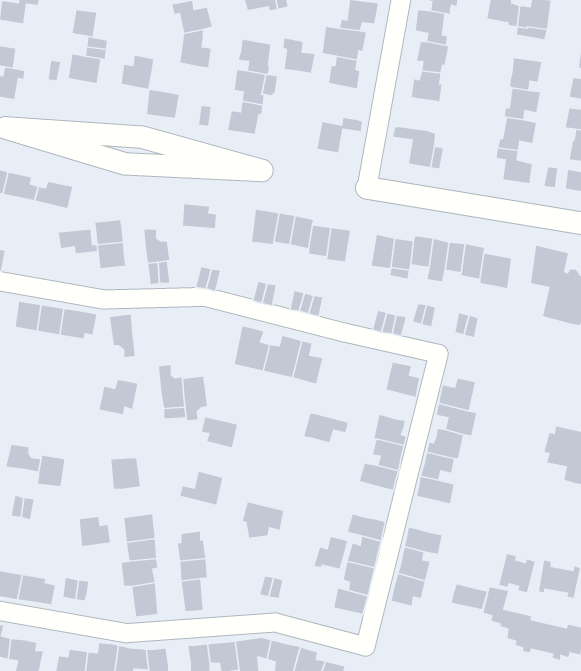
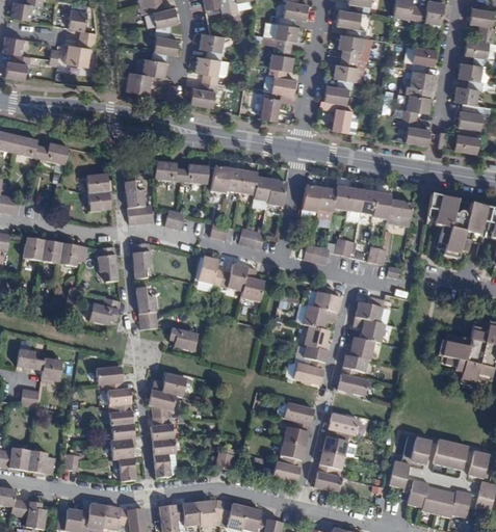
building: [282,38,316,73] -> [270,66,296,95]
building: [121,55,154,90] -> [142,50,168,77]
building: none -> [324,78,354,103]
building: none -> [181,163,208,183]
building: [58,229,98,254] -> none
building: [183,376,208,421] -> [132,242,152,277]
building: [303,413,348,443] -> [303,304,338,328]
building: [242,501,284,539] -> [149,389,182,418]
building: [79,516,111,547] -> [107,381,132,405]
building: [314,536,348,570] -> none
building: [451,583,488,610] -> [314,471,343,491]

